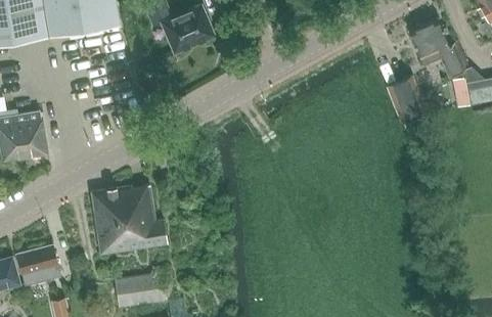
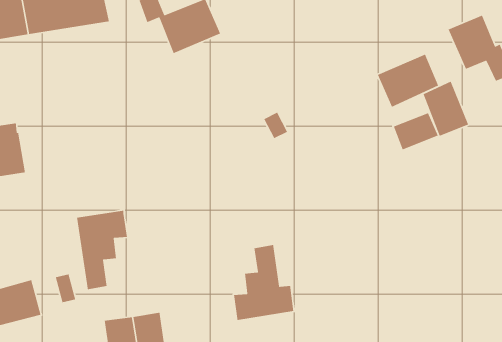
building: none -> [377,54,439,108]
building: none -> [393,112,439,151]
building: [115,185,167,251] -> [233,244,294,321]

